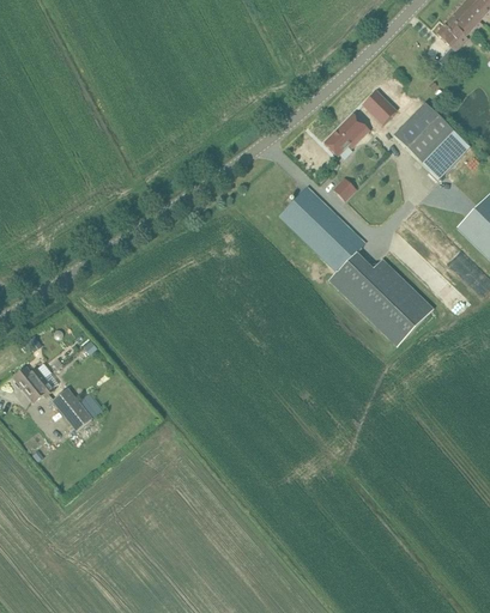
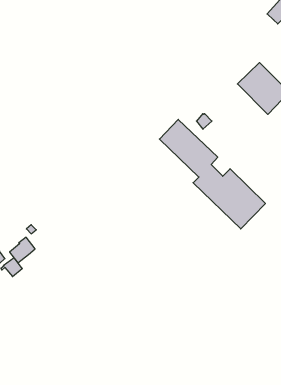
building: [362,91,397,125] -> none
building: [323,114,371,157] -> none
building: [65,394,102,431] -> [10,237,35,263]

